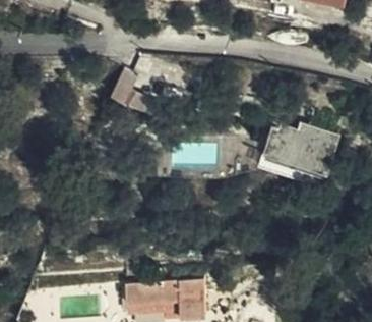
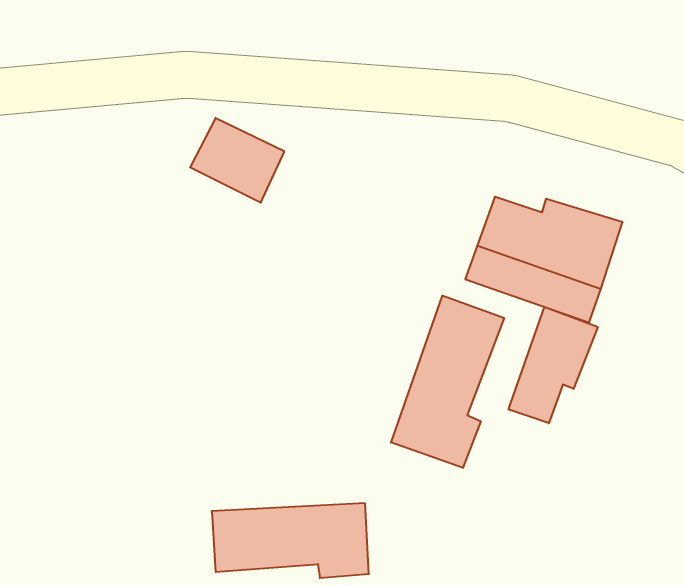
building: none -> [391,296,504,468]
building: none -> [509,307,598,423]

